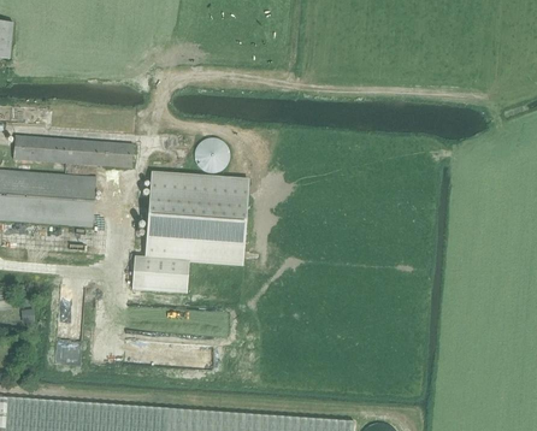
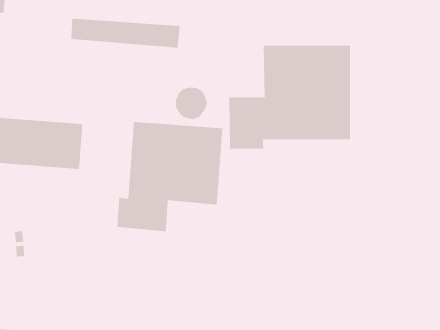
building: none -> [229,45,351,150]
building: [13,136,132,169] -> [71,18,181,48]

